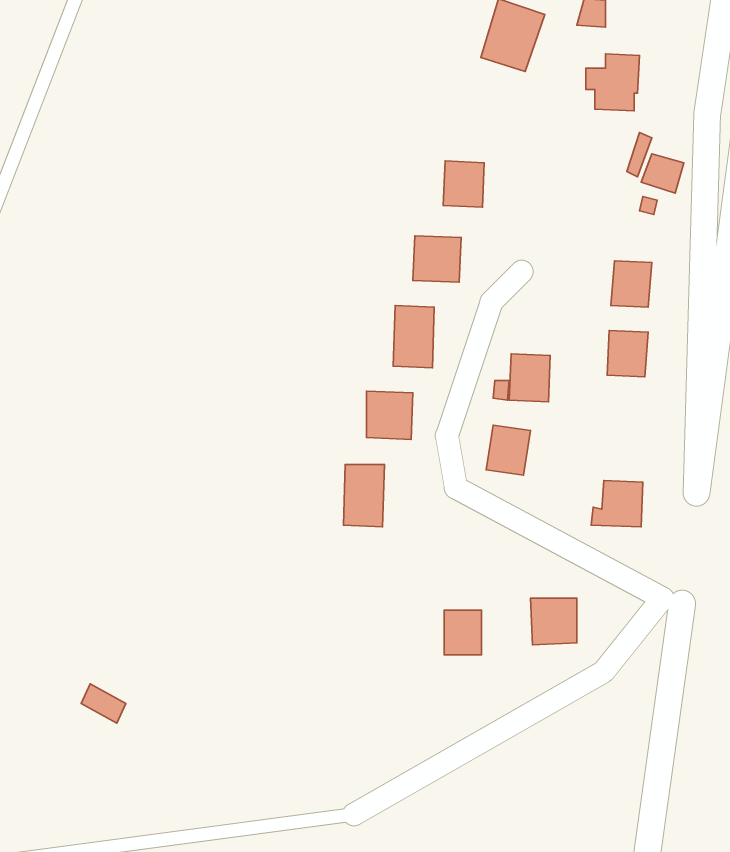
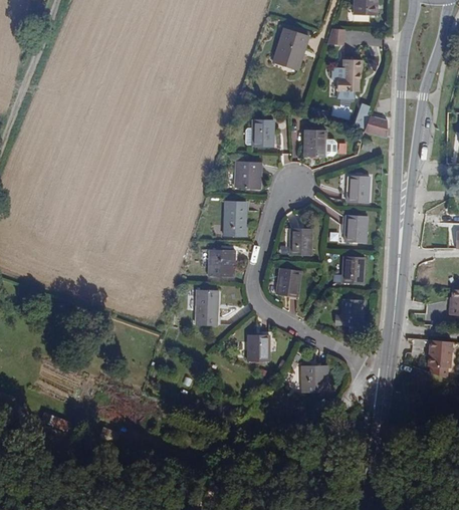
building: none -> [304,131,326,157]
building: none -> [341,256,364,283]
building: [444,610,482,655] -> [247,334,268,359]

